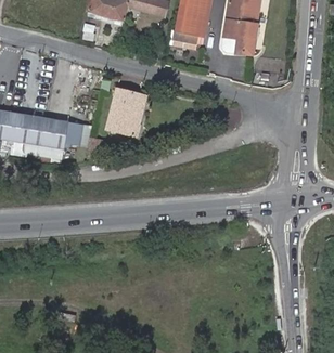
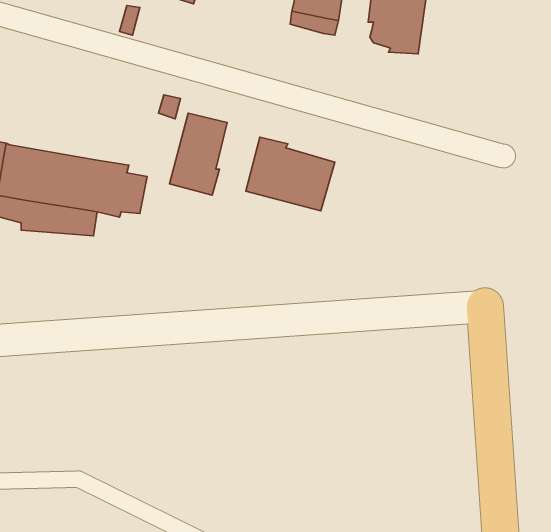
building: none -> [246,137,335,211]

